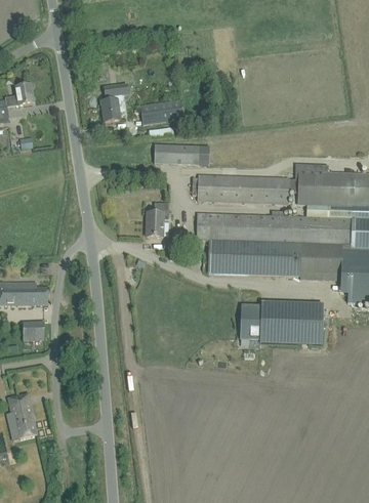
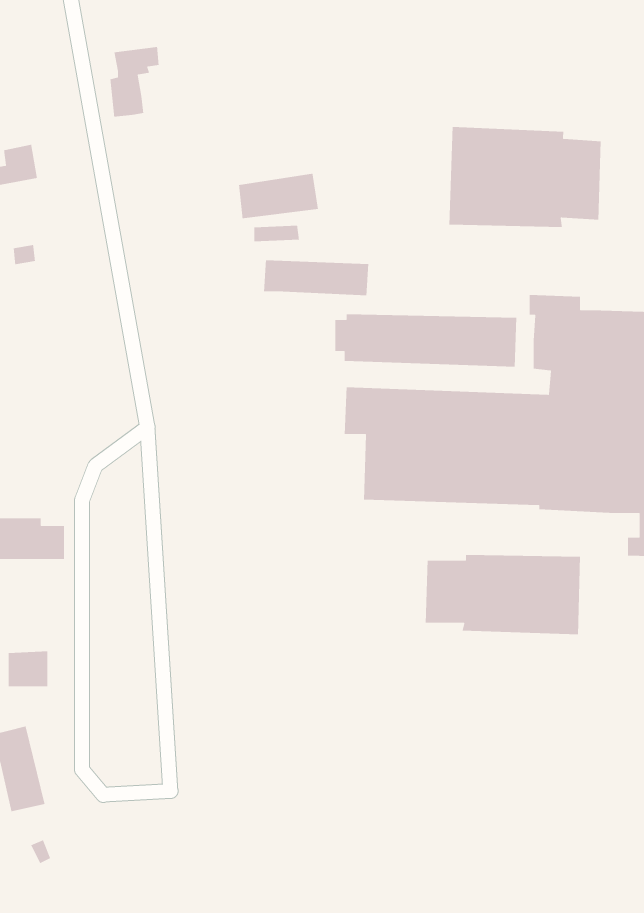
building: none -> [448,126,601,228]
building: [101,84,128,122] -> [110,46,160,117]
building: [147,204,168,238] -> none
building: [23,322,44,341] -> [8,650,48,687]

